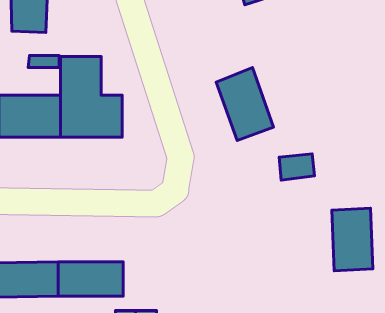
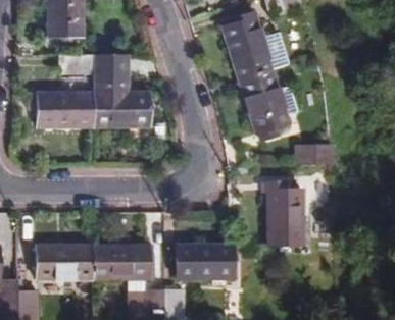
building: none -> [218,11,289,78]
building: [332,208,373,271] -> [265,188,303,246]
building: none -> [175,244,232,281]

